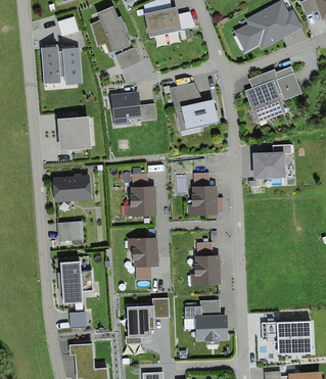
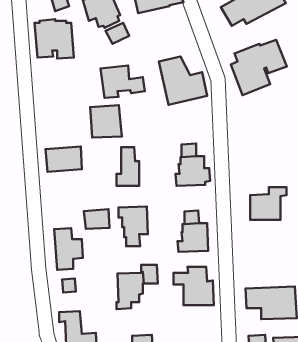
building: [58,116,91,150] -> [90,105,122,138]
building: [252,145,290,179] -> [250,187,287,220]
building: [56,221,83,241] -> [84,209,109,229]

